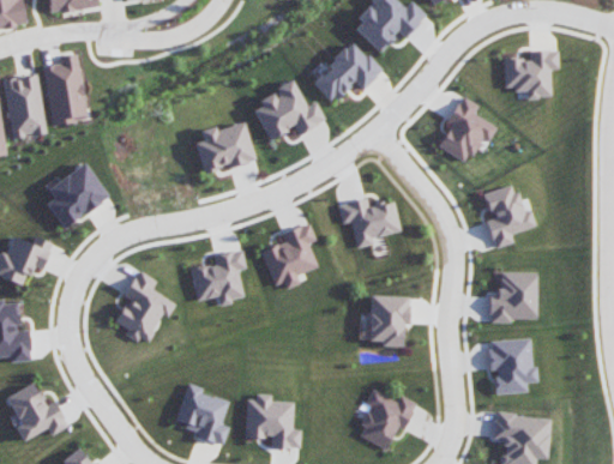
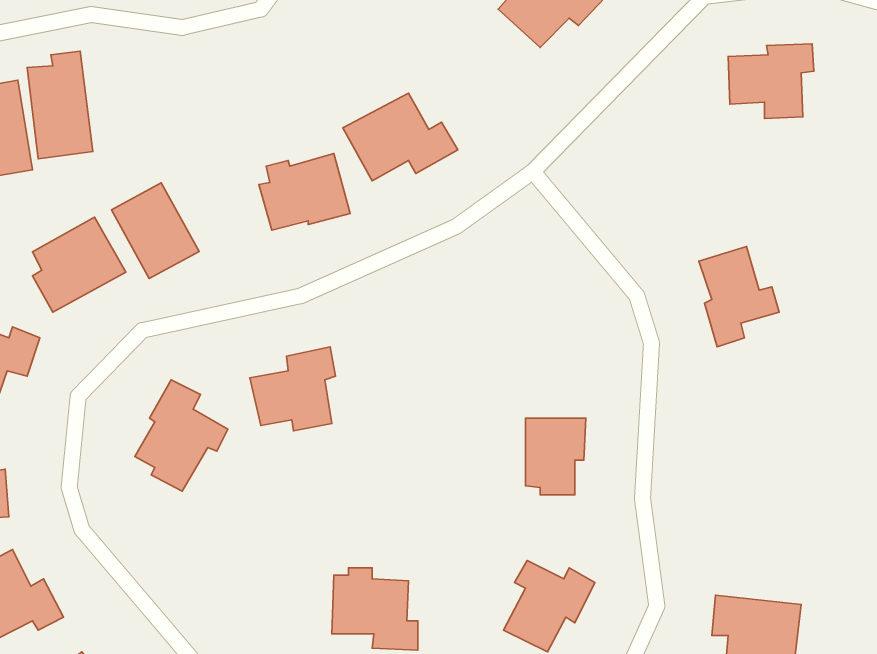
building: [311,42,381,103] -> none
building: [438,96,496,163] -> none
building: none -> [111,183,199,278]
building: [337,199,401,248] -> none
building: [260,223,318,289] -> none
building: [488,272,537,321] -> none
building: [488,339,537,394] -> none
building: [173,386,228,446] -> none

